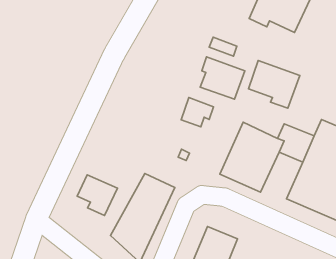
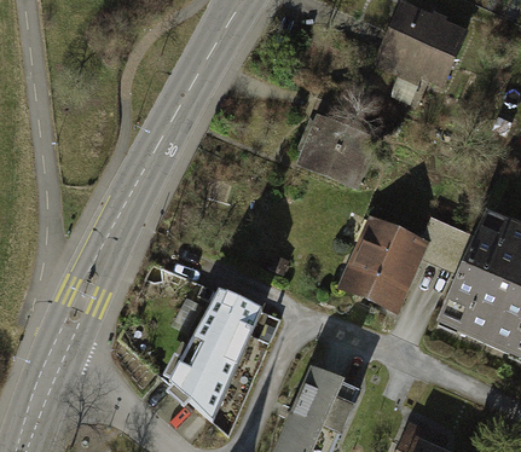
building: [248,60,300,108] -> none
building: [181,98,214,127] -> none
building: [77,175,117,215] -> none

